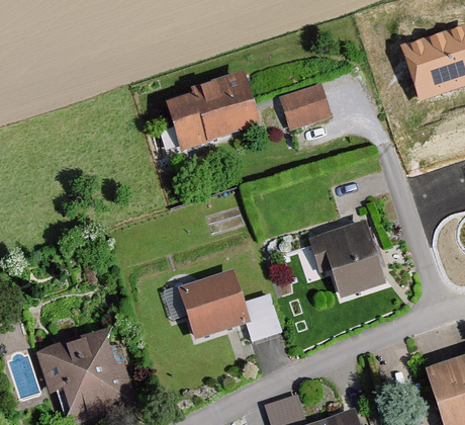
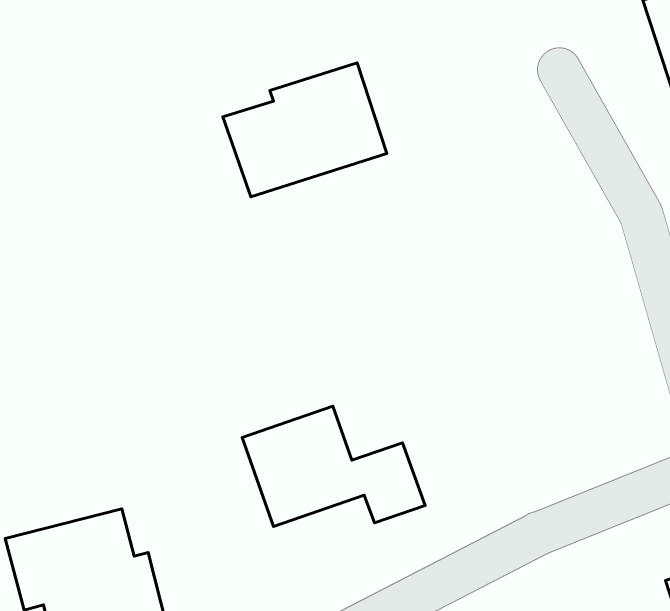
building: [281,80,334,130] -> none
building: [306,223,385,300] -> none

